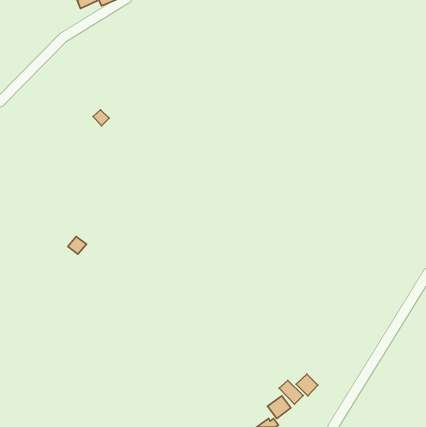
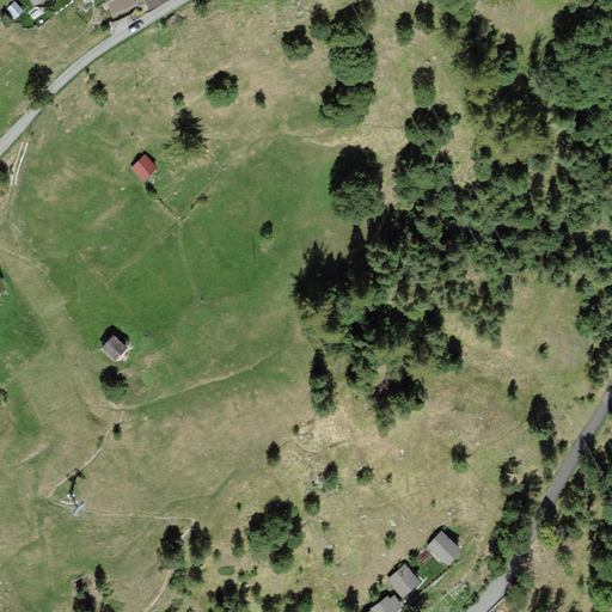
building: [279,380,303,404] -> none

